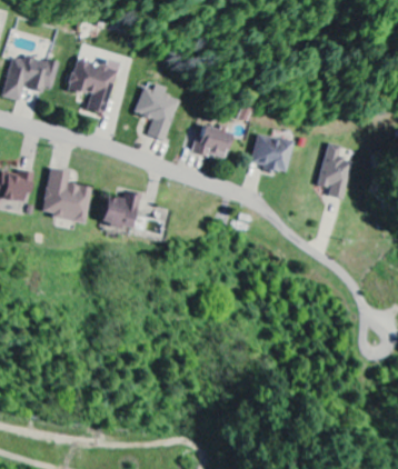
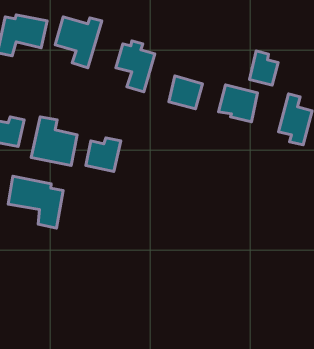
building: none -> [249,51,278,85]
building: none -> [8,176,63,228]

